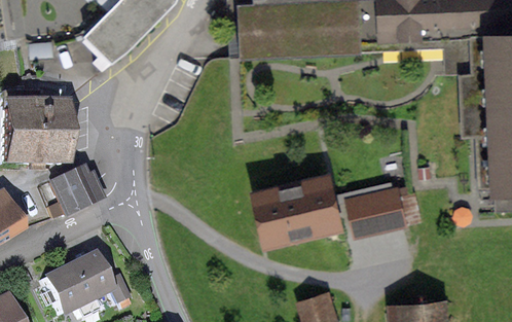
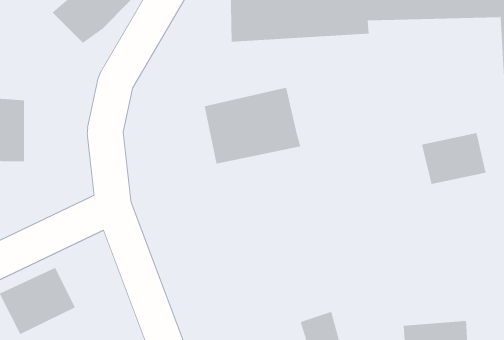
building: [47,169,96,215] -> none
building: [257,176,341,243] -> [204,87,301,164]
building: [350,188,406,234] -> [421,133,487,185]

